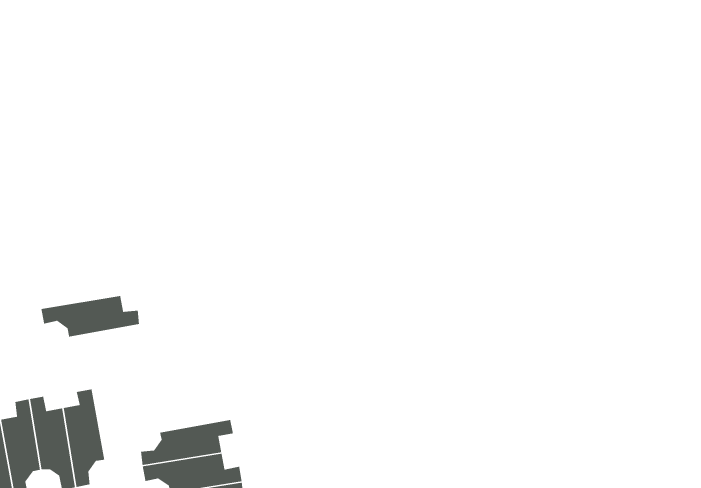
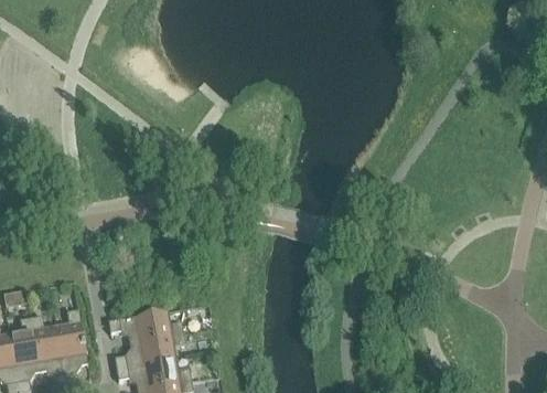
building: [41,295,140,338] -> [107,310,182,342]

